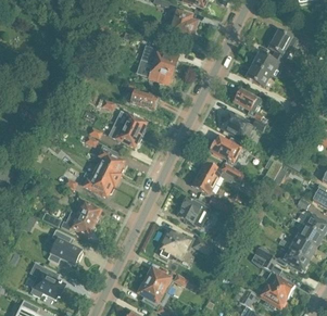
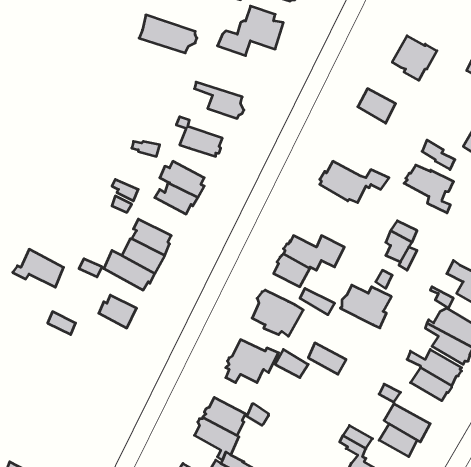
building: [139,45,177,69] -> [139,15,197,53]
building: [251,50,286,77] -> none
building: [231,88,264,119] -> [404,165,454,213]
building: [209,135,242,163] -> [340,285,391,328]
building: [60,210,93,235] -> [13,249,64,287]
building: [49,237,79,264] -> none
building: [28,271,60,299] -> none

